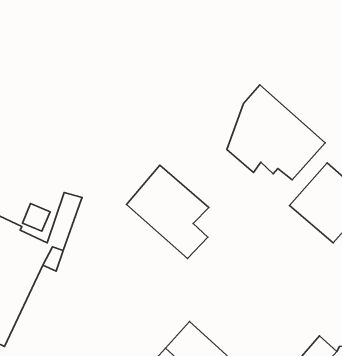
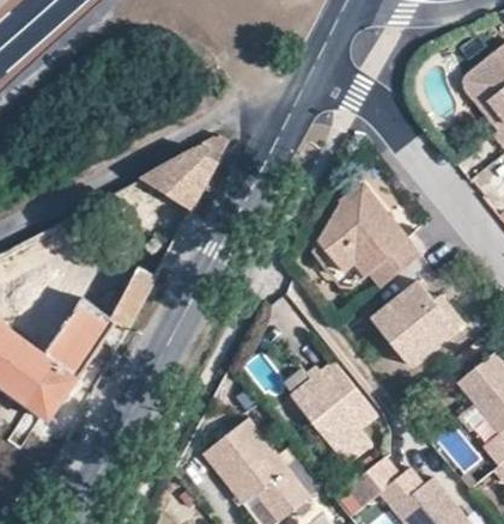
building: none -> [133,132,230,206]
building: [126,165,209,259] -> [290,362,376,465]

